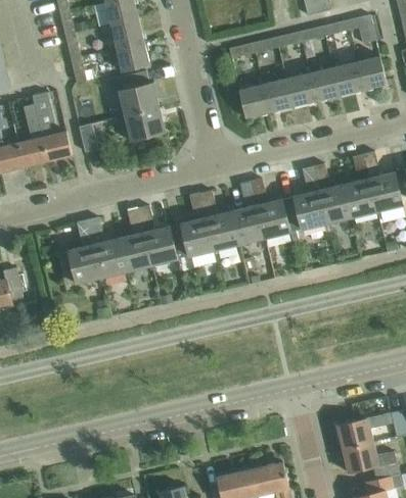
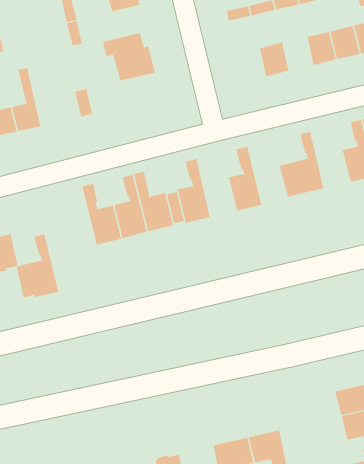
building: [116,42,149,72] -> none
building: [285,73,315,107] -> none
building: [237,85,268,118] -> none
building: [31,92,71,162] -> none
building: [124,109,166,142] -> none
building: [313,164,352,223] -> none
building: [251,180,289,240] -> none
building: [200,191,239,252] -> none
building: [57,221,100,286] -> [16,233,59,298]

